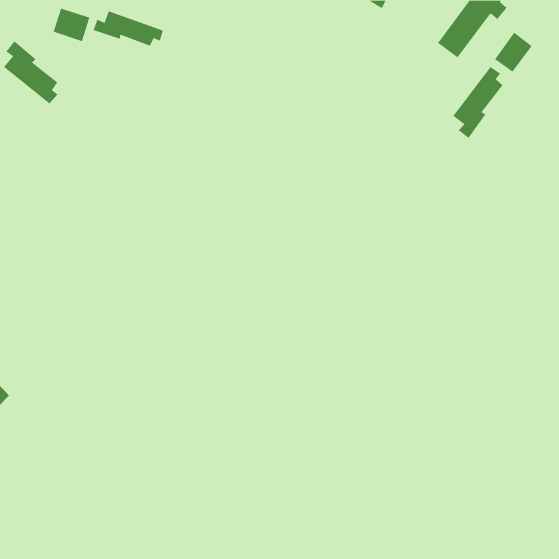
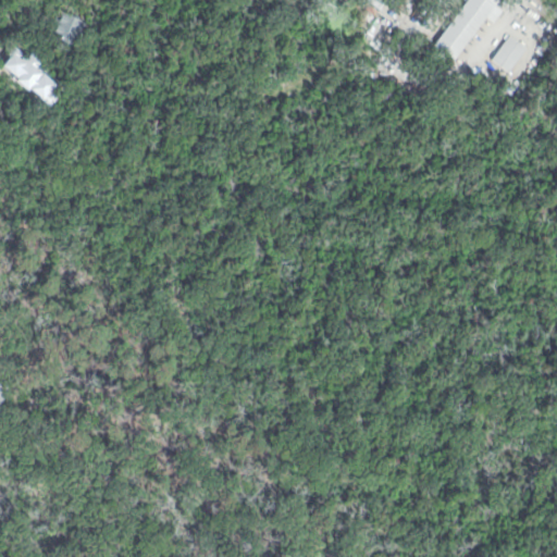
building: [93,11,164,47] -> none
building: [453,66,503,139] -> none

